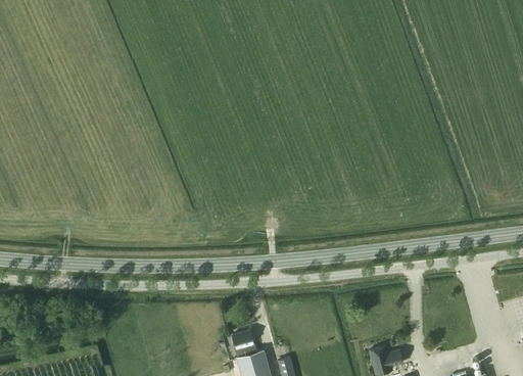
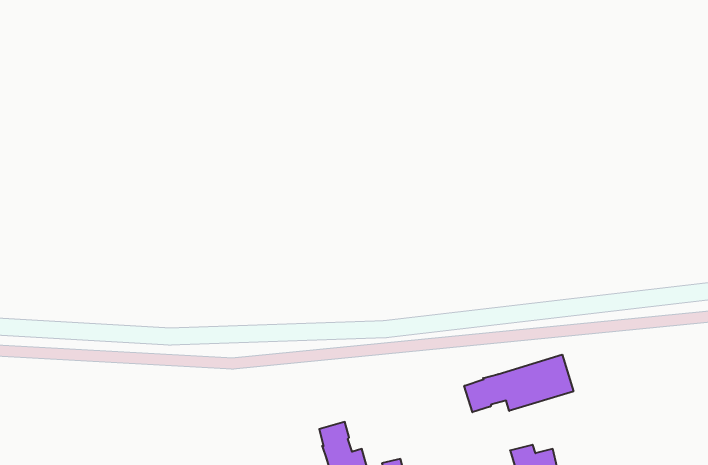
building: none -> [464,355,573,412]

